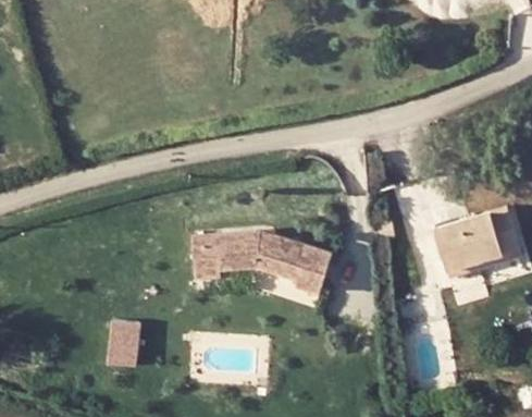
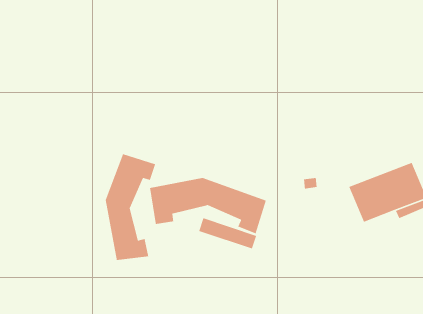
building: none -> [105,153,156,261]
building: [111,321,143,368] -> none

